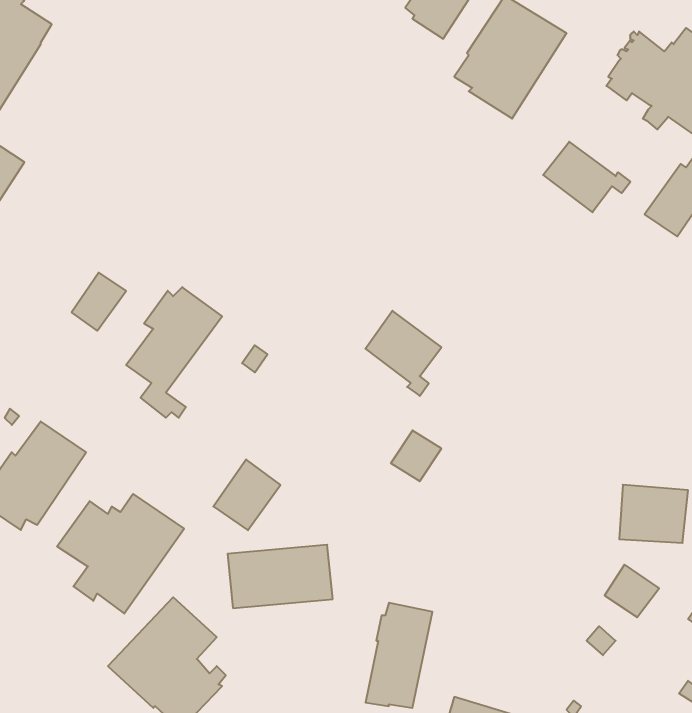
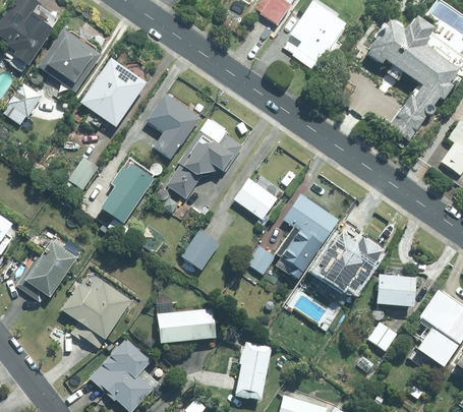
building: none -> [38,27,102,92]
building: none -> [79,58,146,128]
building: [543,142,630,212] -> none
building: none -> [146,93,200,159]
building: none -> [166,129,243,197]
building: none -> [279,192,340,280]
building: none -> [313,233,383,290]
building: [213,459,280,530] -> [182,229,220,269]

